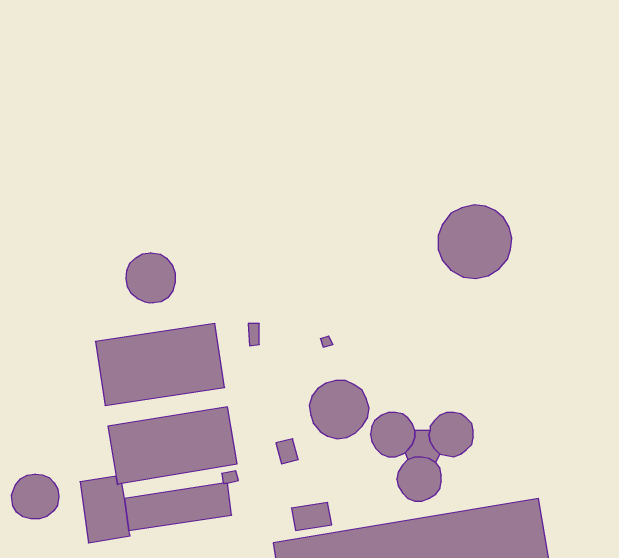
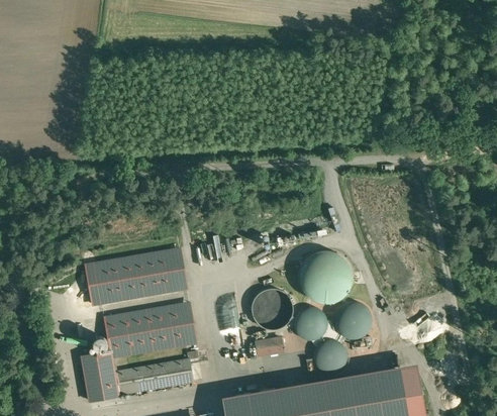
building: [438,205,512,279] -> [299,245,353,299]
building: [126,253,175,303] -> none
building: [12,474,59,519] -> none
building: [291,503,332,530] -> [254,336,283,356]

